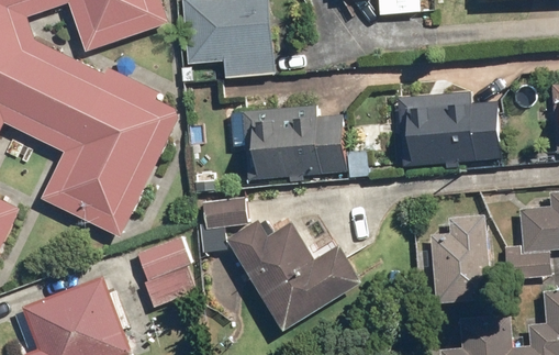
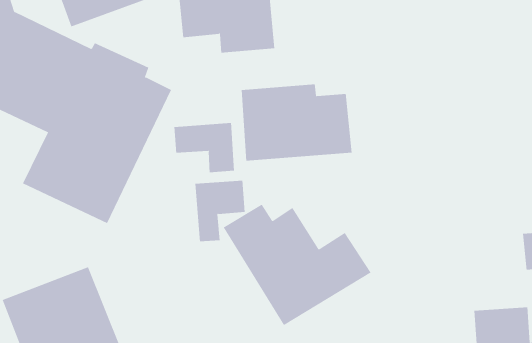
building: [393,95,500,166] -> none
building: none -> [174,122,235,173]
building: [429,213,491,304] -> none
building: [136,235,194,308] -> none

